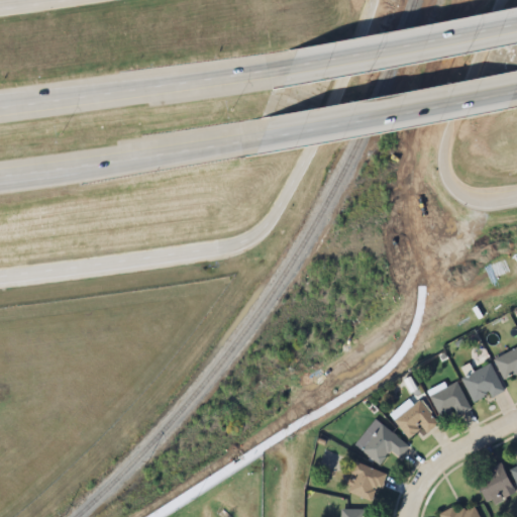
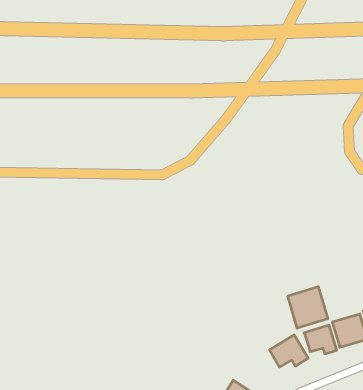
building: none -> [288,287,328,328]
building: [361,423,410,462] -> none

